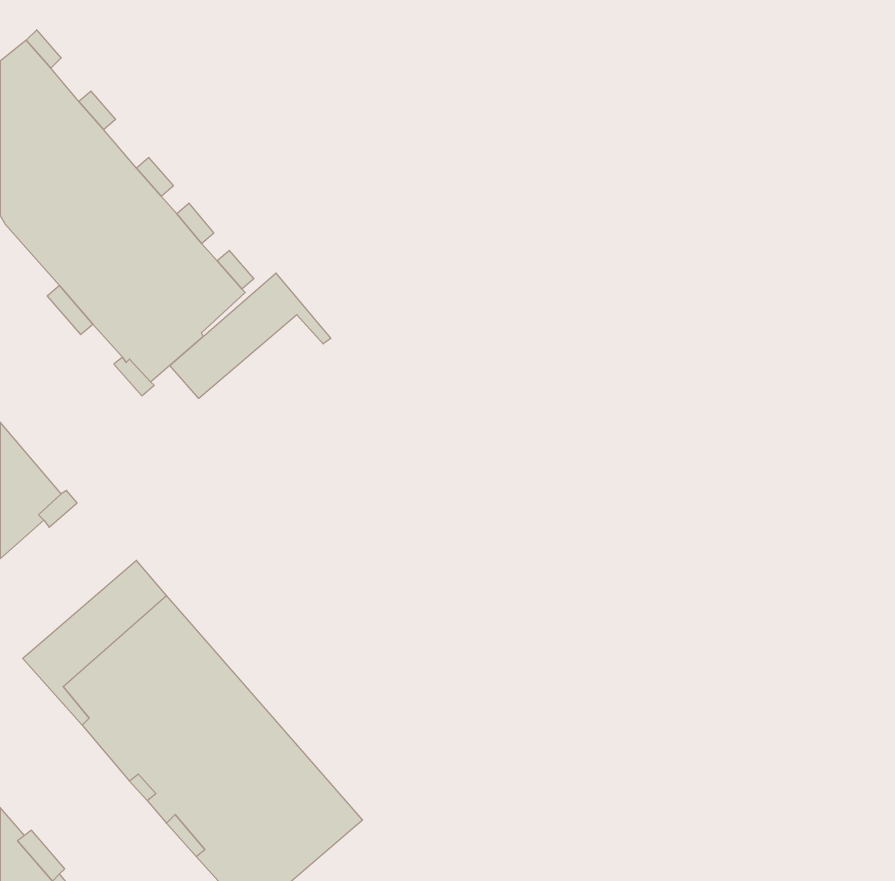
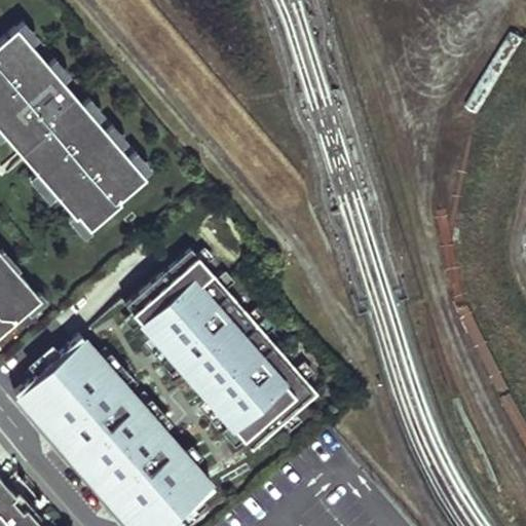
building: [170,273,331,398] -> none
building: none -> [125,251,316,452]

